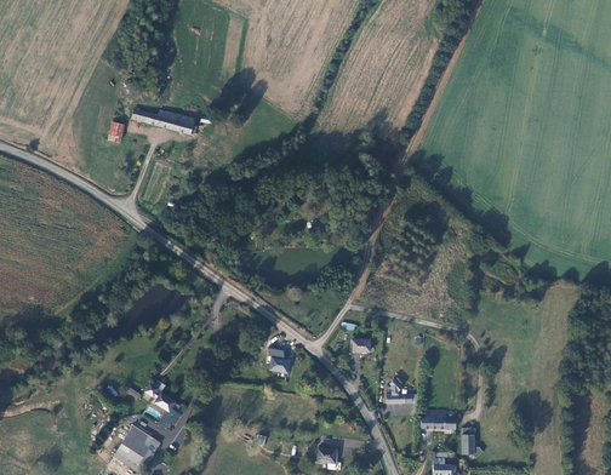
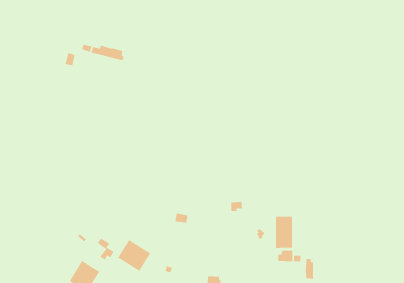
building: none -> [275,216,293,249]
building: none -> [117,239,151,272]

